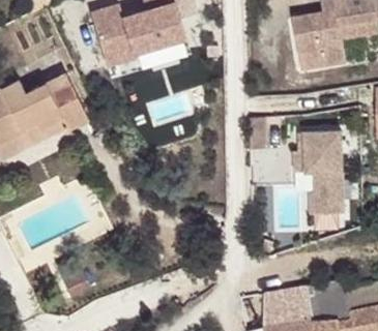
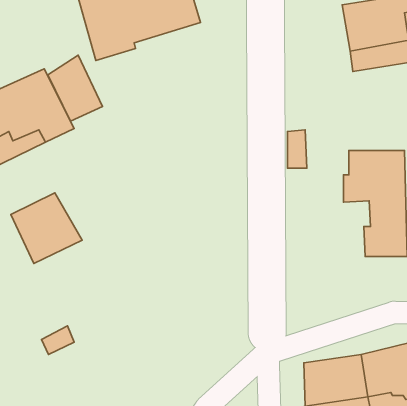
building: none -> [48,55,103,121]
building: none -> [11,193,82,263]

